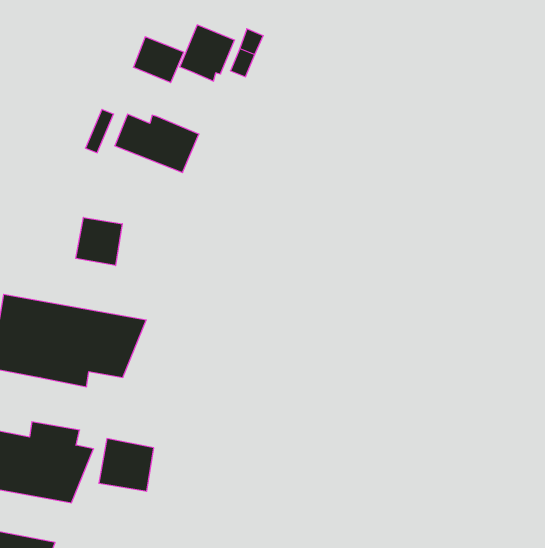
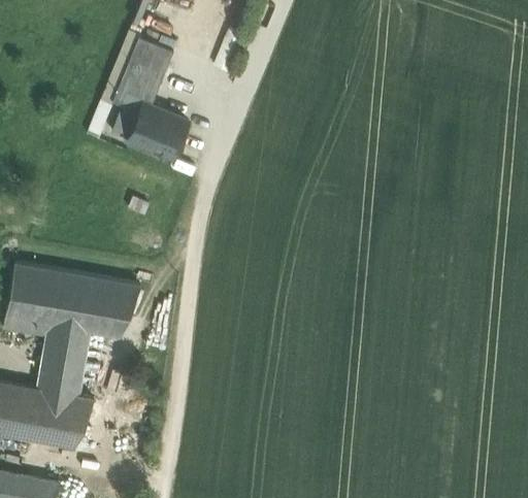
building: [180,25,235,81] -> [113,64,162,113]
building: [76,217,122,266] -> none
building: [99,439,154,491] -> [39,337,88,384]

